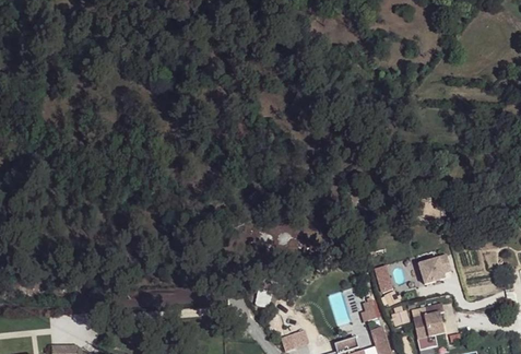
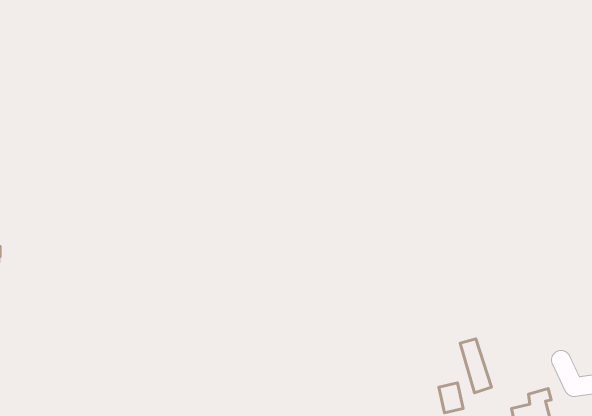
building: [417,253,450,283] -> none

